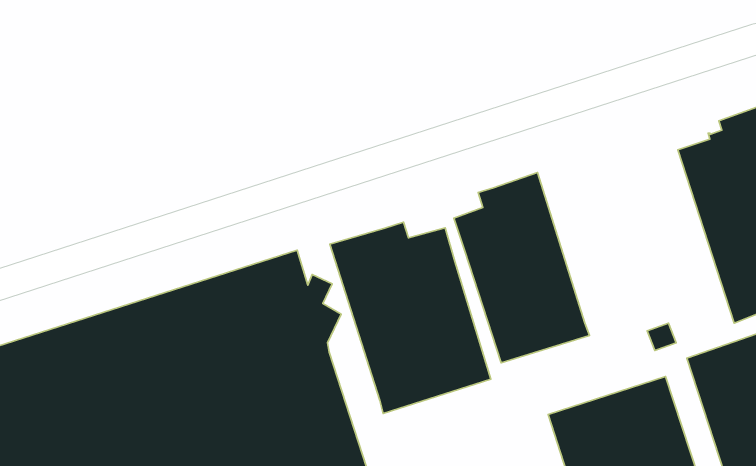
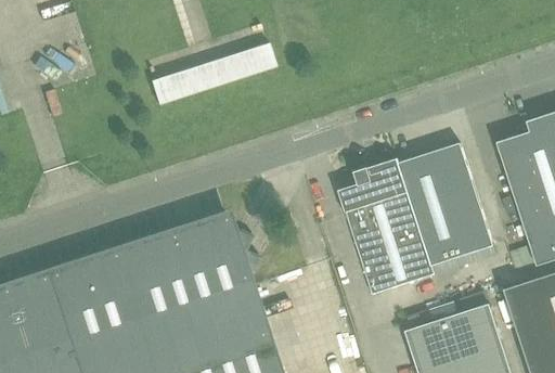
building: none -> [146,42,272,106]
building: none -> [398,141,493,265]
building: [330,222,491,414] -> none

